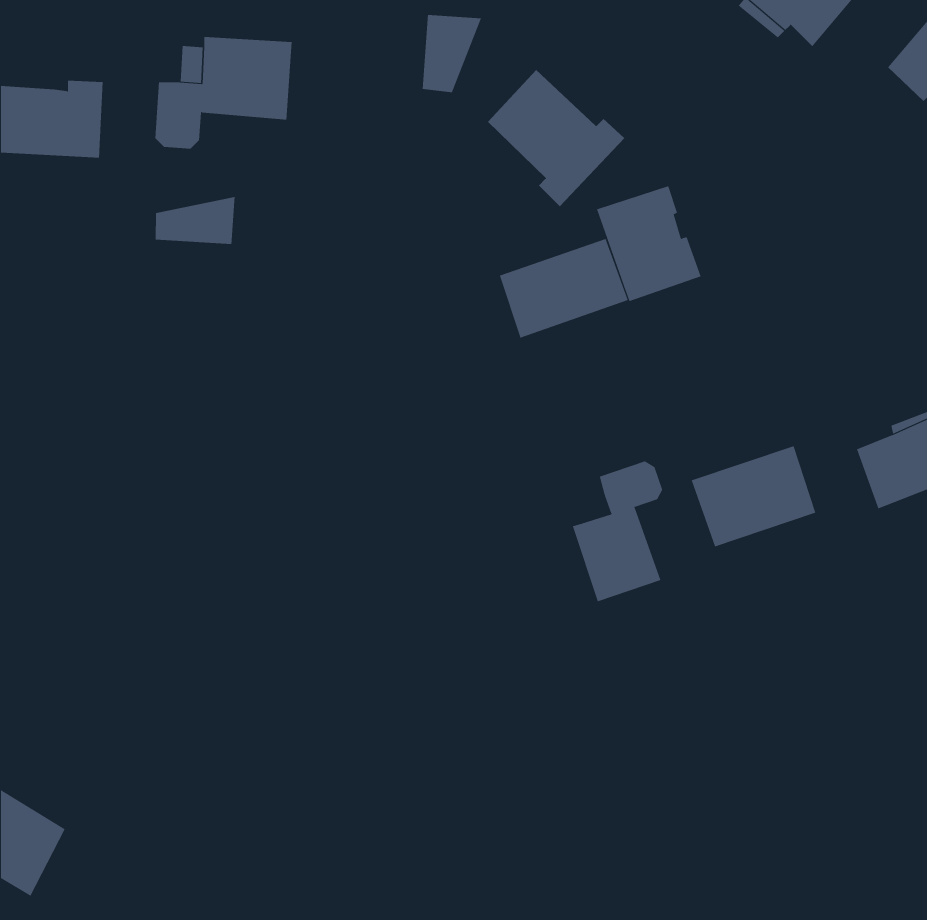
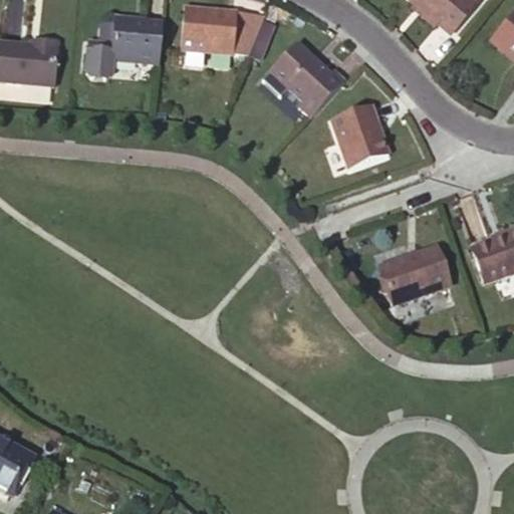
building: none -> [181,4,237,49]
building: [155,196,235,245] -> none
building: [499,238,628,339] -> none
building: [572,461,663,602] -> none

